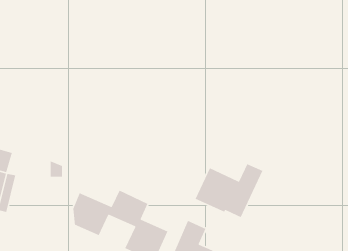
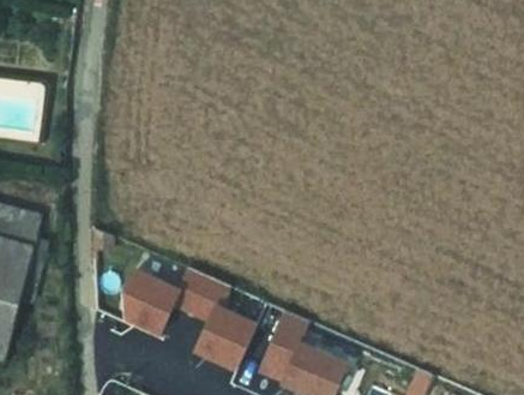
building: [194,163,263,218] -> none

